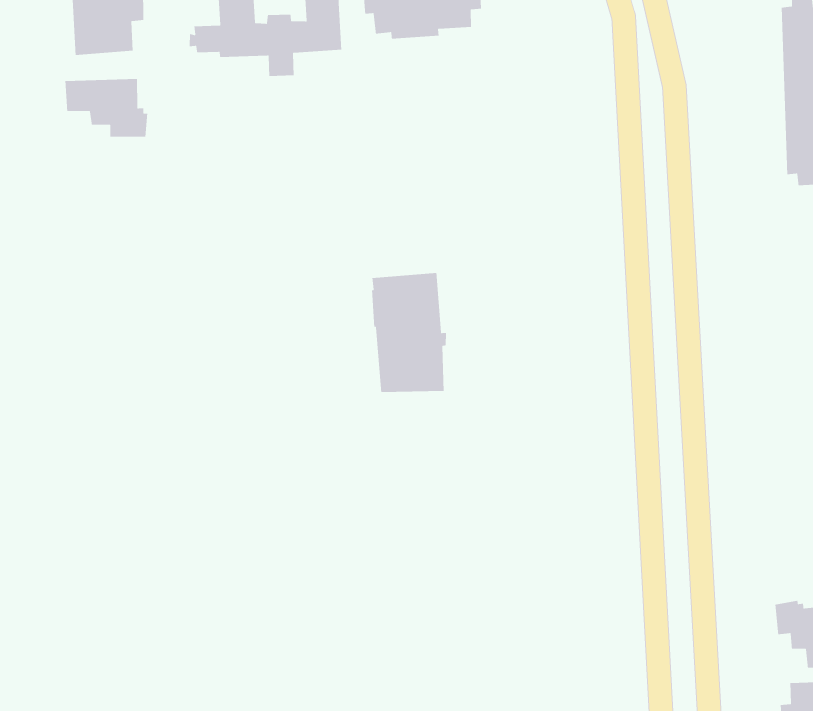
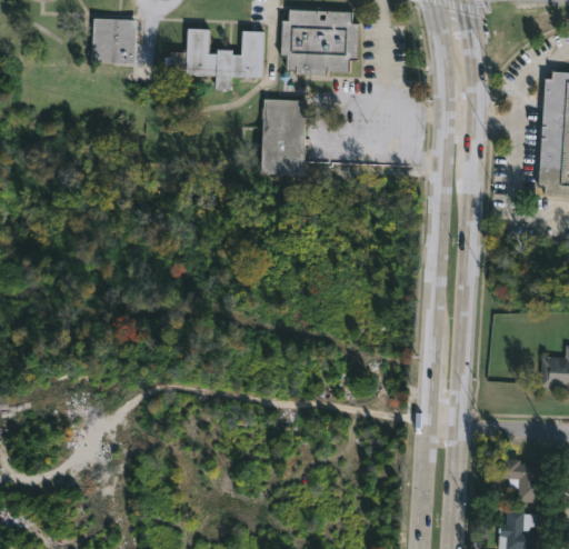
building: [64,78,148,138] -> none
building: [371,272,447,393] -> [262,99,309,177]

